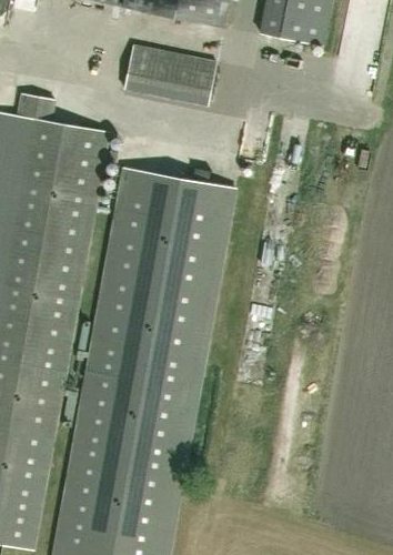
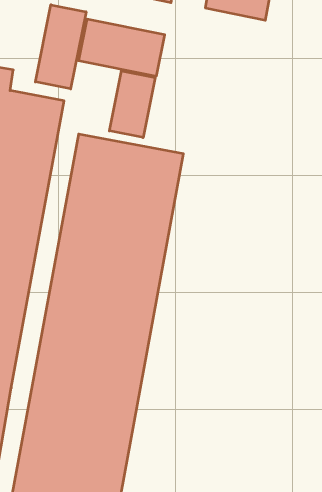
building: none -> [35,5,86,89]
building: none -> [109,71,155,138]

